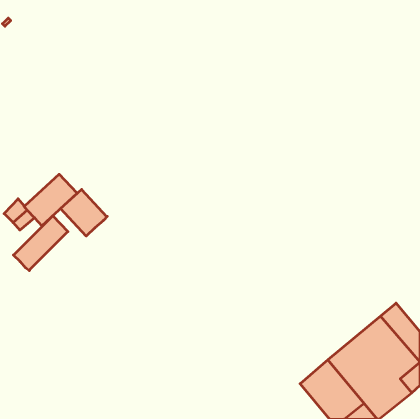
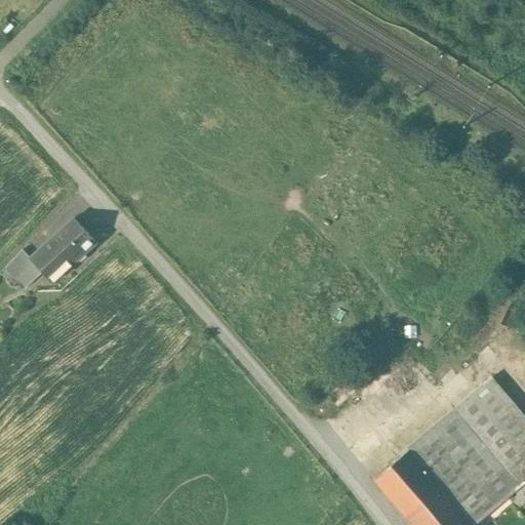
building: [61,189,107,236] -> none
building: [13,216,68,271] -> none

